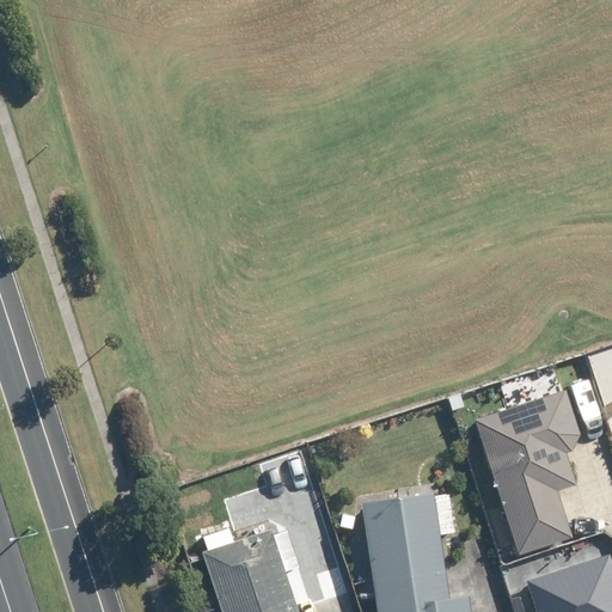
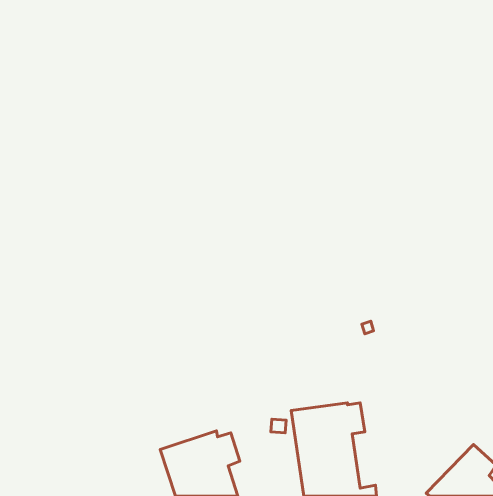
building: [473,391,580,553] -> none

